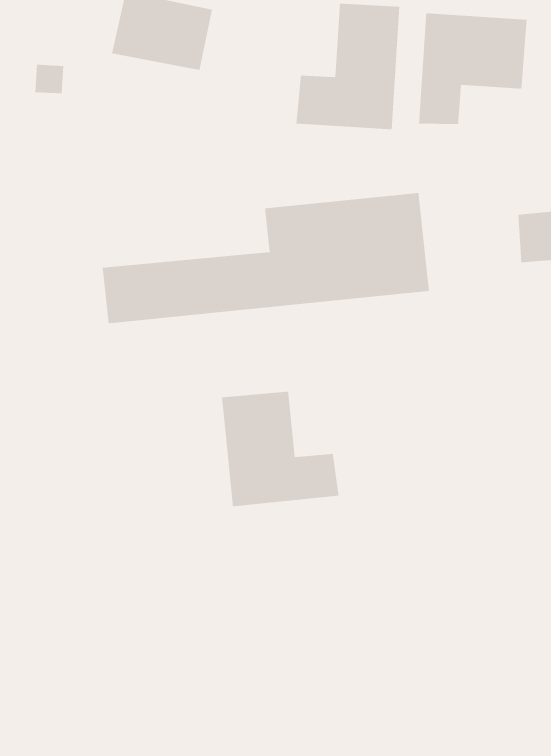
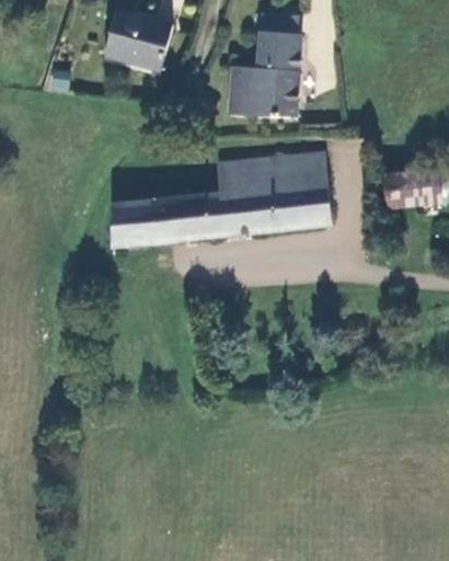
building: [419,12,527,125] -> none
building: [221,391,339,507] -> none

